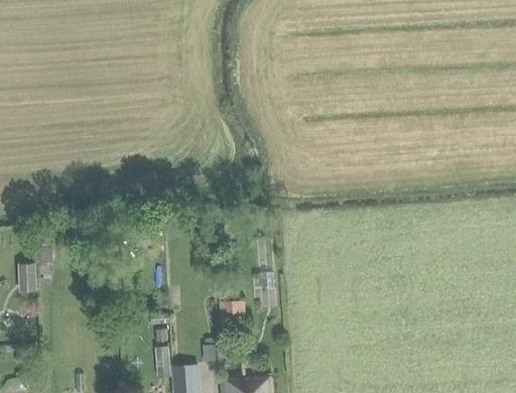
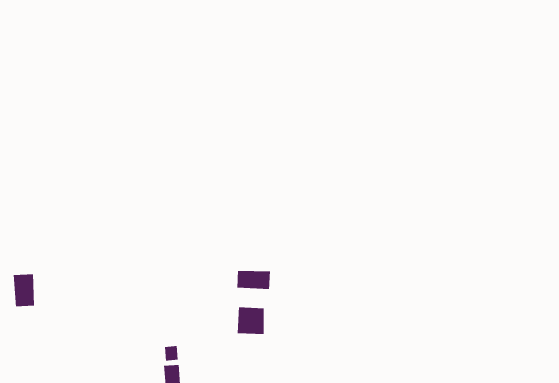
building: none -> [237,270,270,290]

